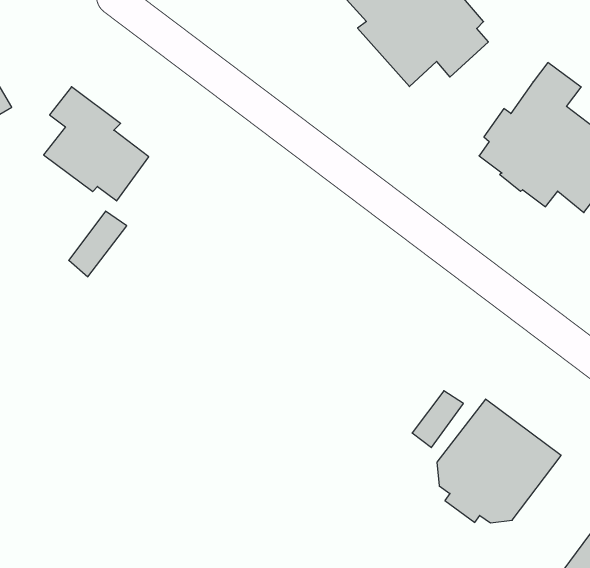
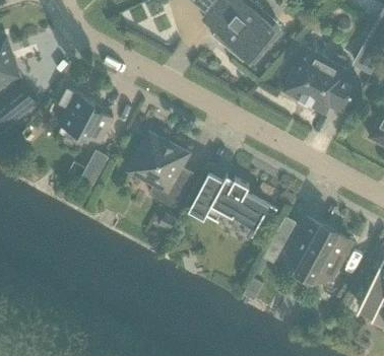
building: none -> [129,133,194,209]
building: none -> [189,174,277,234]

